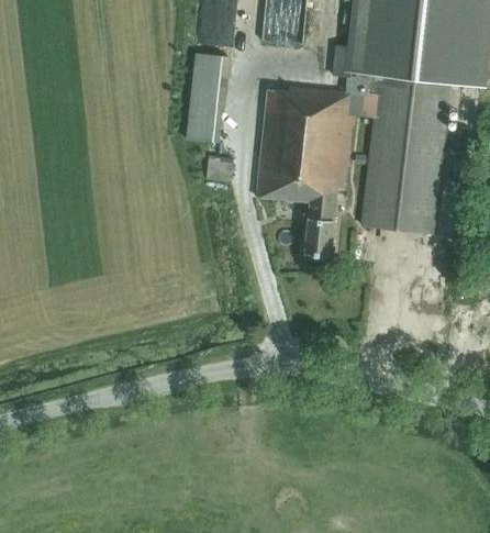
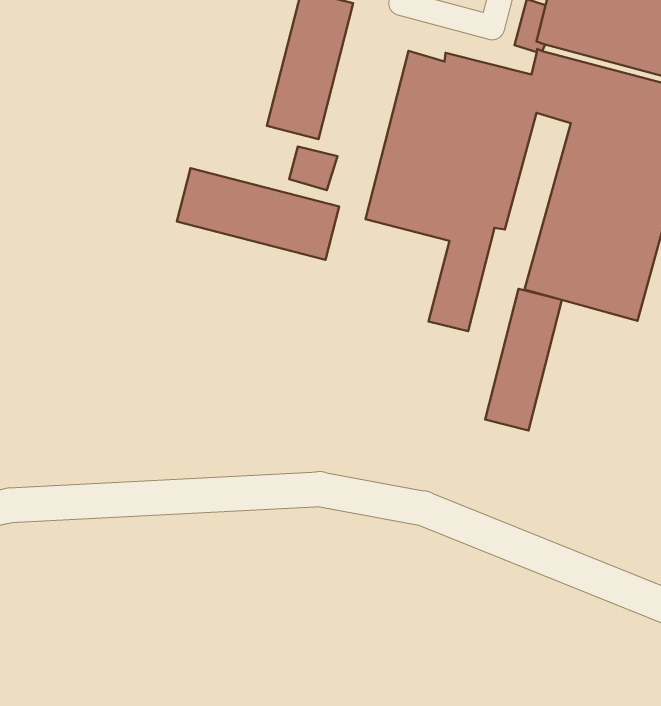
building: none -> [177,168,339,260]
building: none -> [485,289,562,431]

